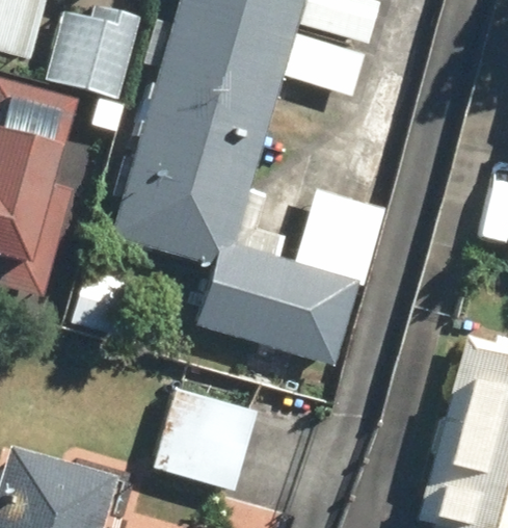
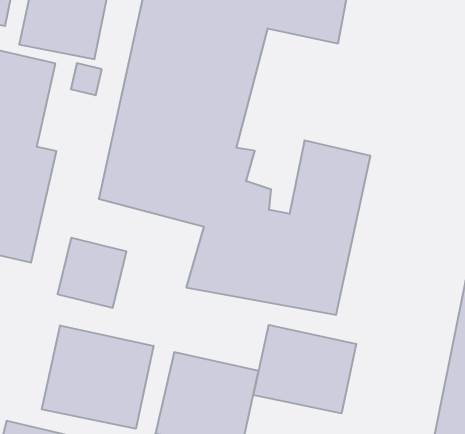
building: none -> [42,325,154,429]
building: none -> [253,325,356,413]

